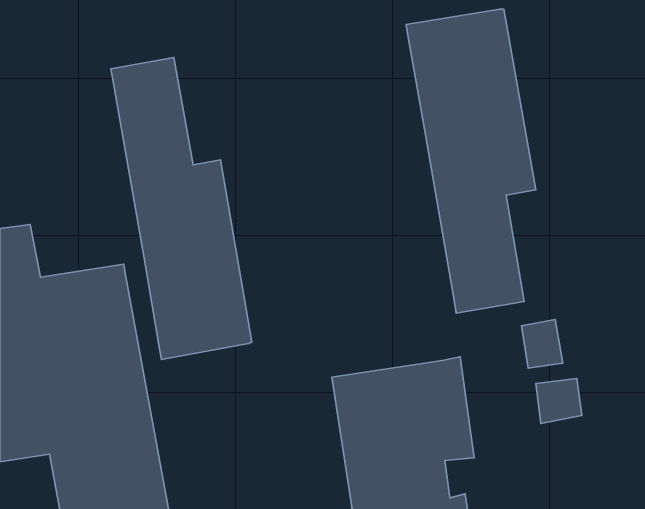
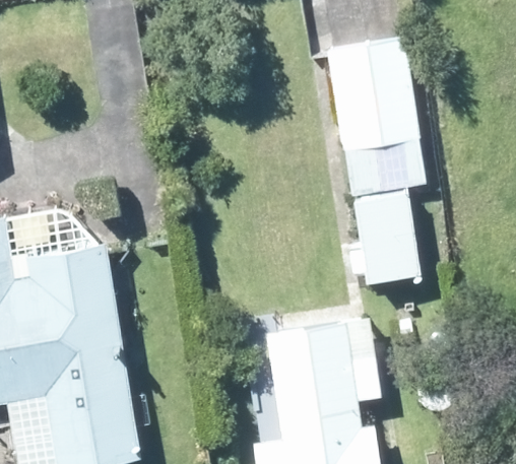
building: [111,58,252,360] -> none

